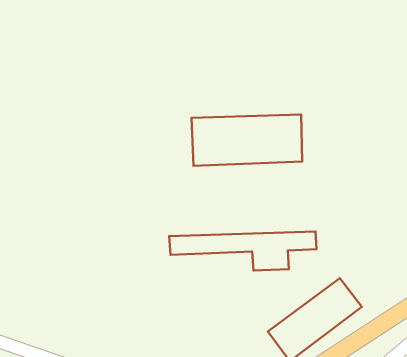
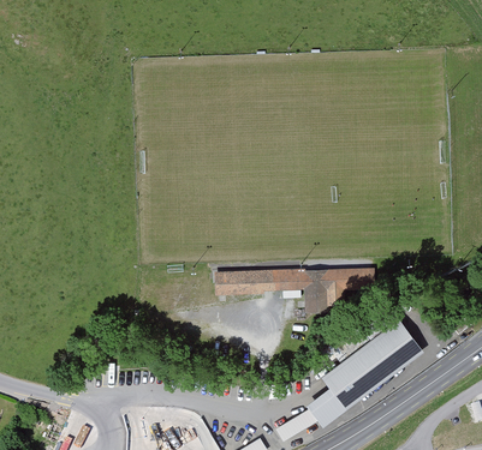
building: [192,115,302,166] -> none

